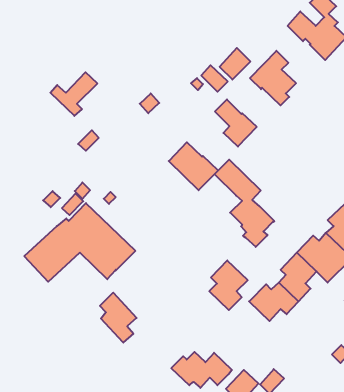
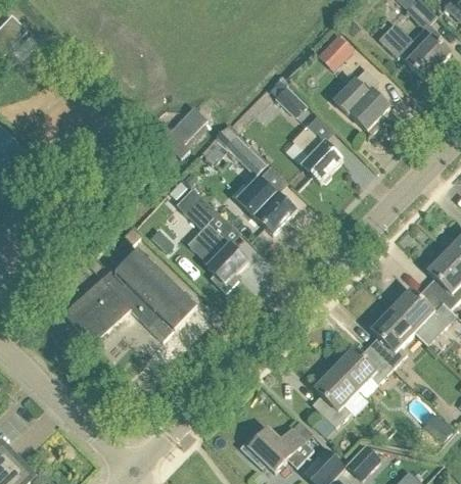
building: [220,48,250,80] -> [317,33,354,70]
building: [50,72,97,116] -> [151,105,208,157]
building: none -> [206,131,267,176]
building: [215,160,274,247] -> [176,187,247,291]
building: [209,260,248,310] -> [311,368,357,427]
building: [100,293,137,343] -> none

